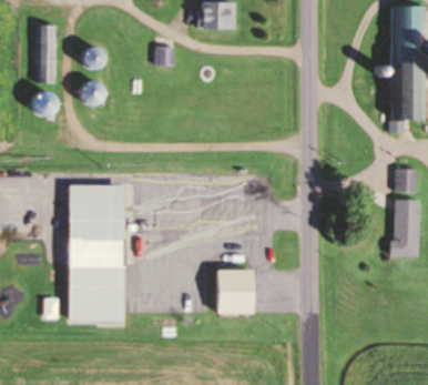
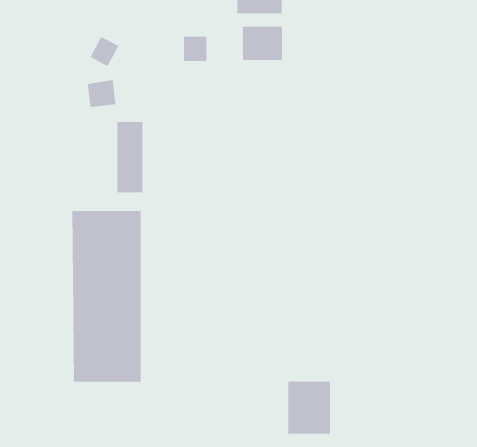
building: [35,26,57,82] -> [116,122,143,193]
building: none -> [243,26,283,61]
building: [216,271,251,313] -> [288,381,331,434]

